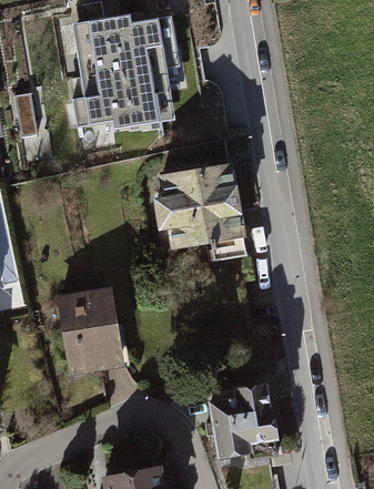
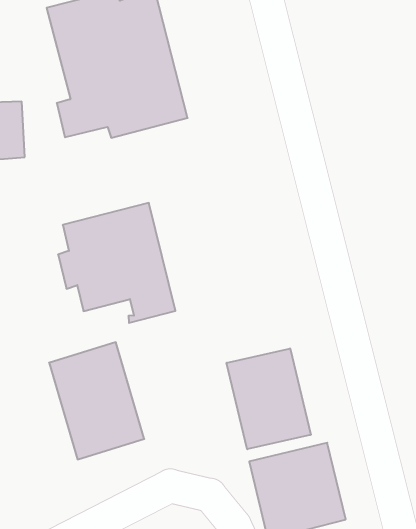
building: [158,164,247,258] -> [58,203,175,323]
building: none -> [227,348,311,449]

